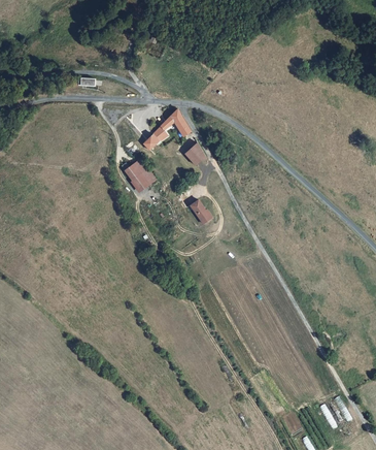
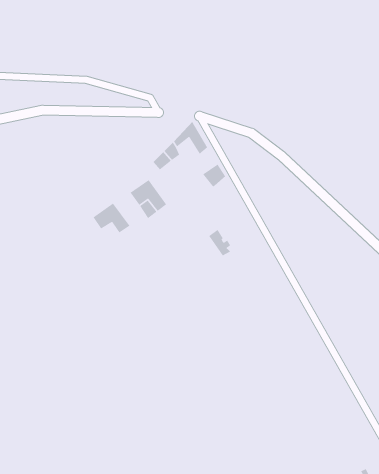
building: none -> [93,202,130,233]

